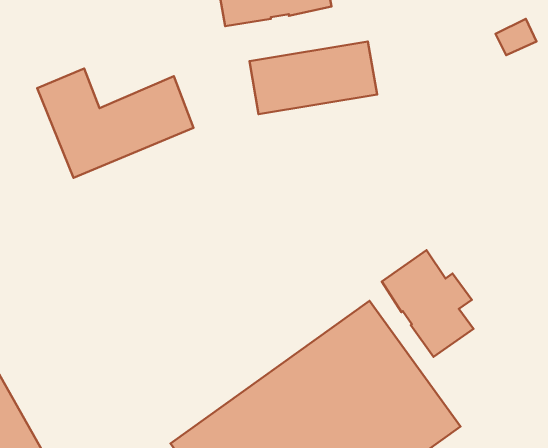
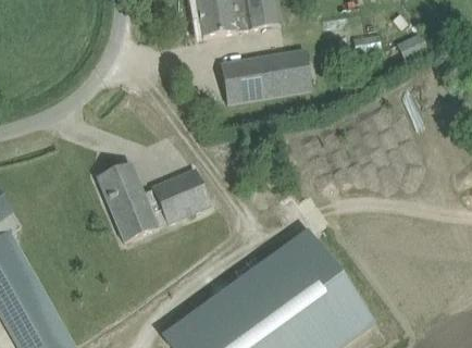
building: [37,69,194,178] -> [97,162,209,240]
building: [382,250,473,357] -> none

